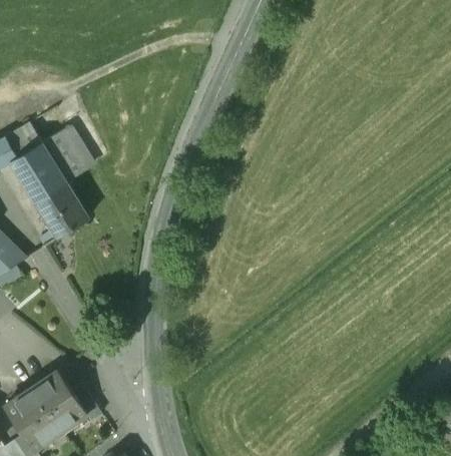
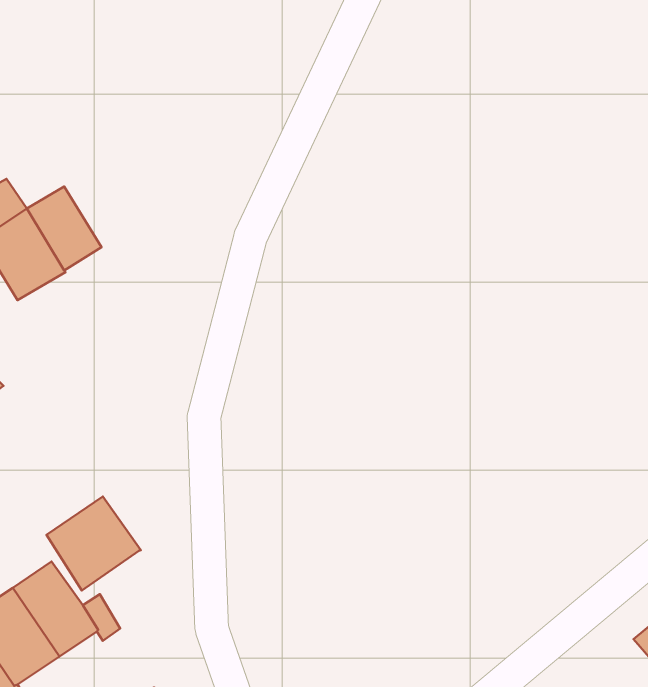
building: [35,184,88,239] -> none
building: none -> [46,497,141,591]

